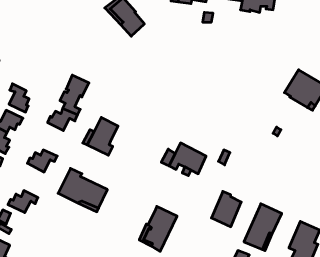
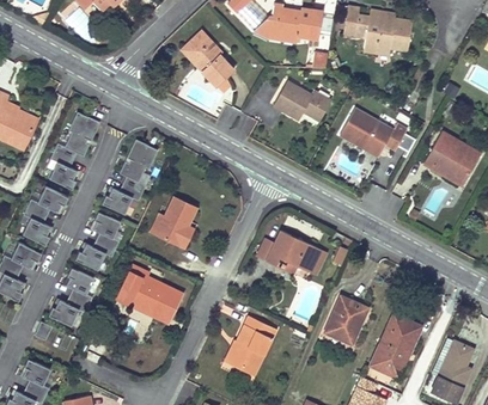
building: none -> [273,81,331,121]
building: none -> [340,108,407,157]
building: none -> [54,112,99,160]
building: none -> [92,211,120,248]
building: none -> [66,266,93,305]

